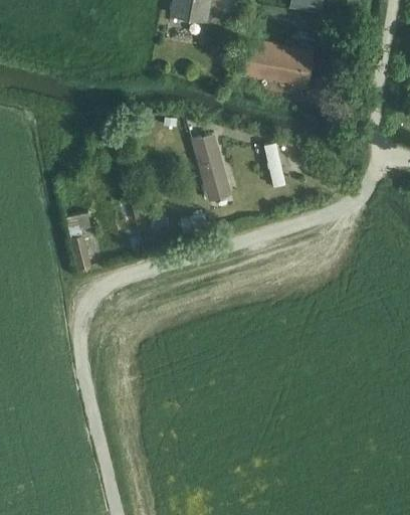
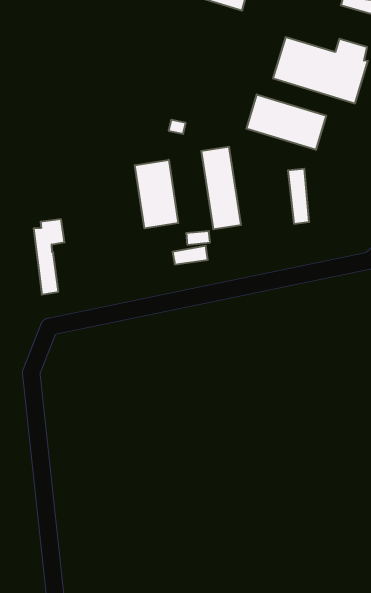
building: none -> [246,94,326,150]
building: none -> [135,160,178,228]

